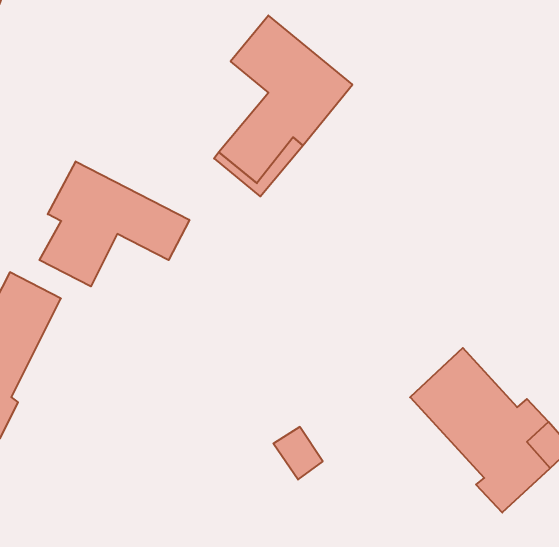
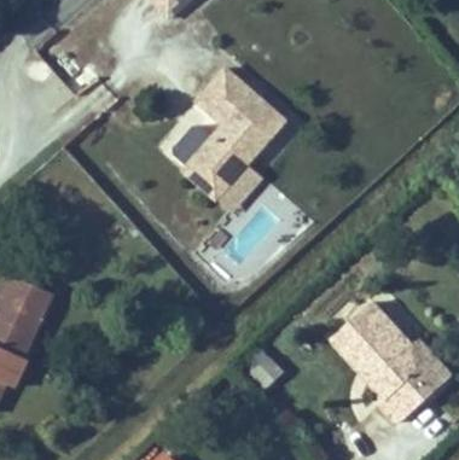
building: [39,161,189,286] -> none

